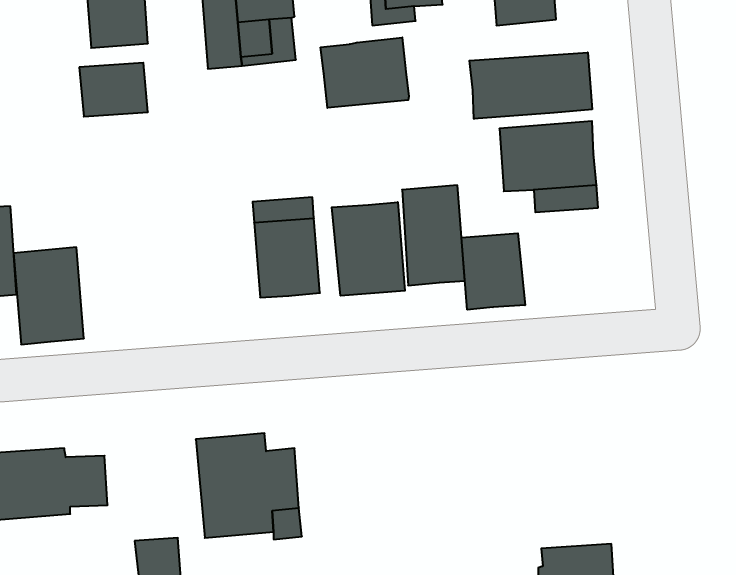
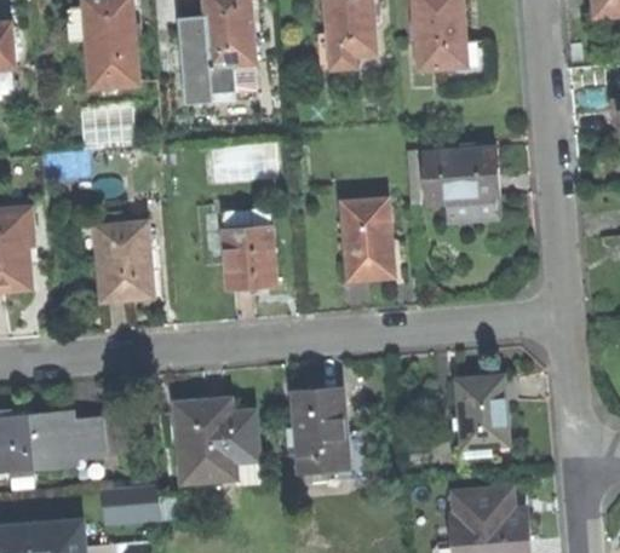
building: [321,37,409,108] -> none
building: [469,52,592,119] -> none
building: [332,202,405,296] -> none
building: [462,233,525,310] -> none
building: [14,247,84,344] -> [94,221,151,300]
building: none -> [458,379,517,450]
building: none -> [295,391,364,480]

